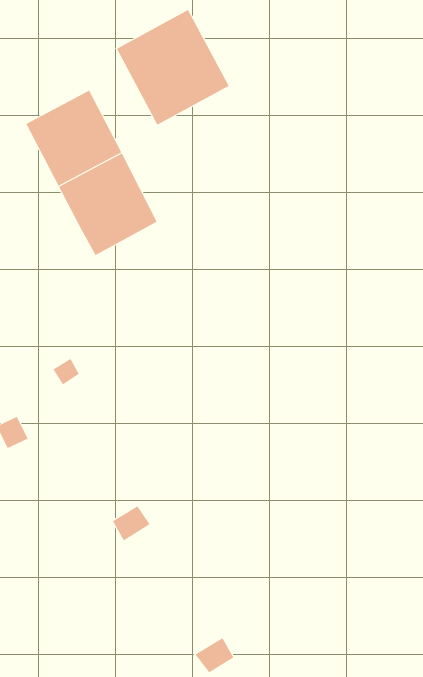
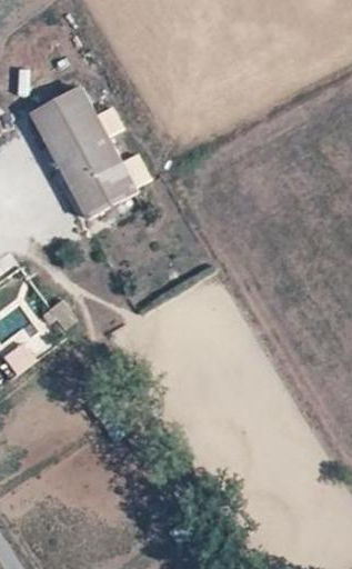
building: [116,9,229,125] -> none

